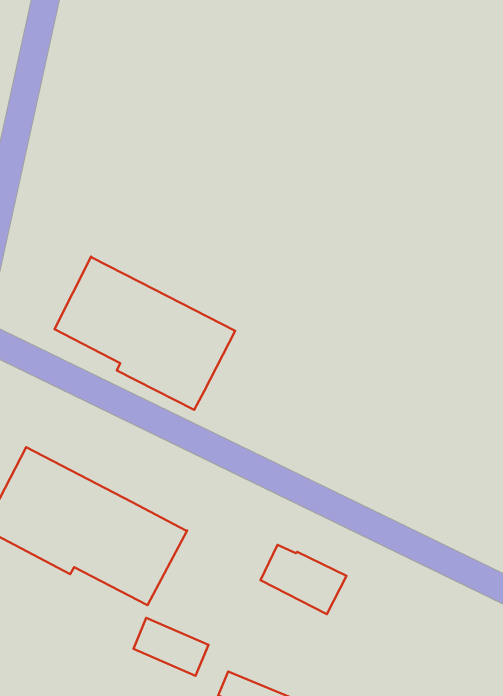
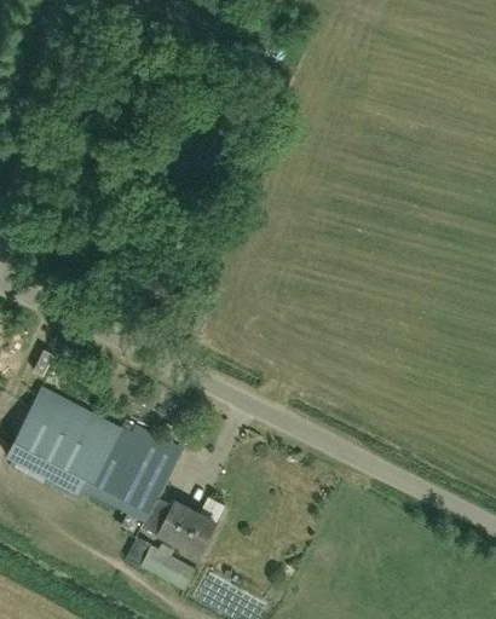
building: [54,257,235,410] -> none
building: [260,545,347,614] -> [144,497,218,556]

